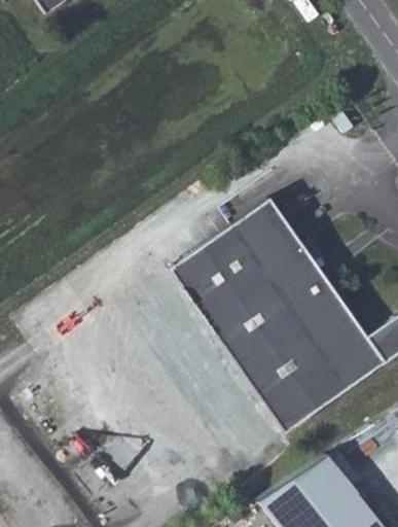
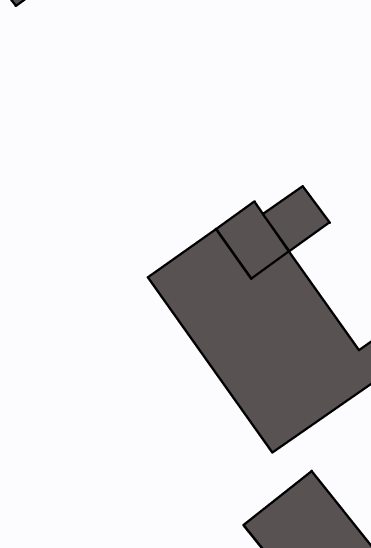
building: none -> [263,186,330,251]

